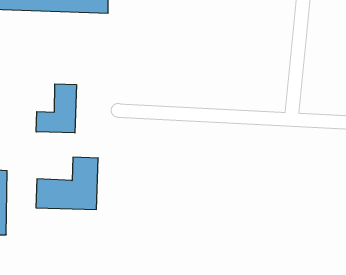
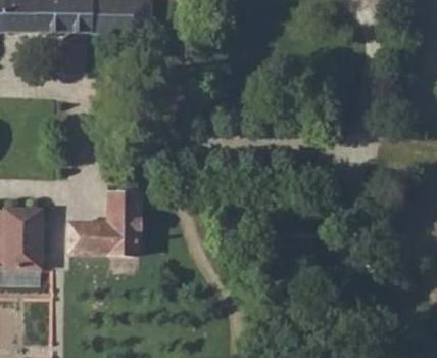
building: [36,84,76,133] -> none

